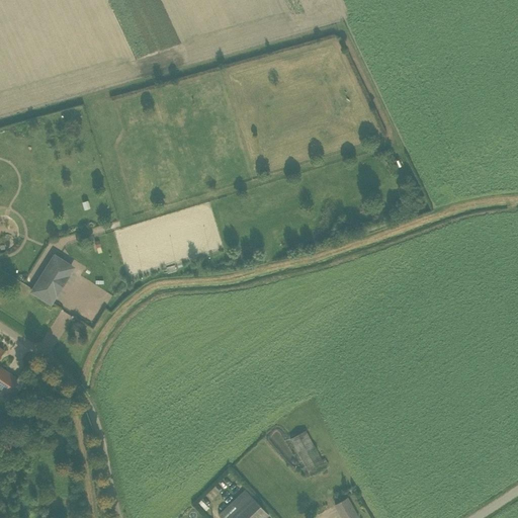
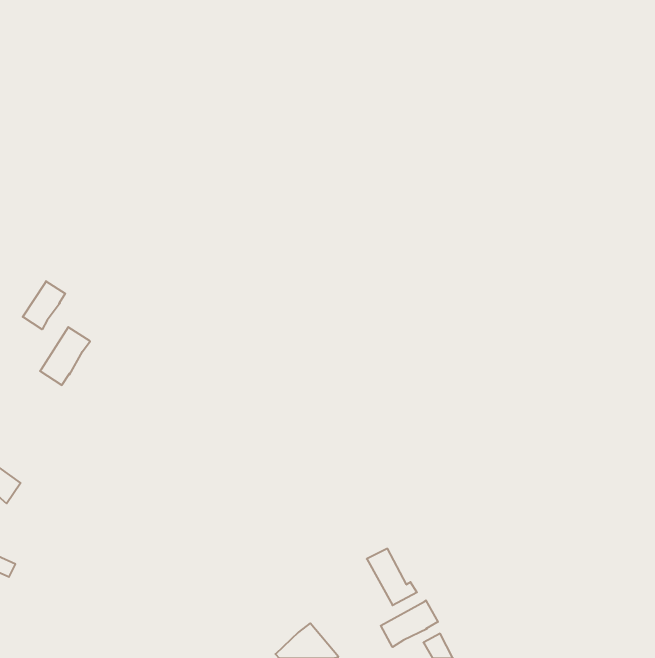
building: none -> [23,281,65,329]
building: none -> [381,600,438,647]

